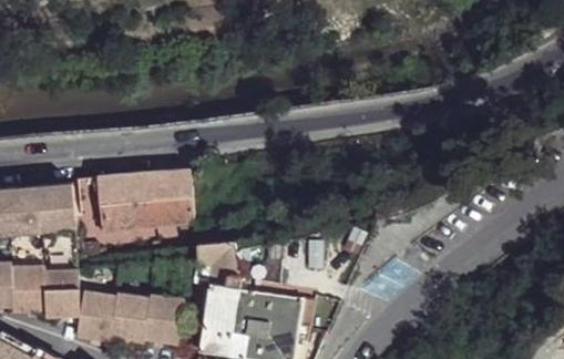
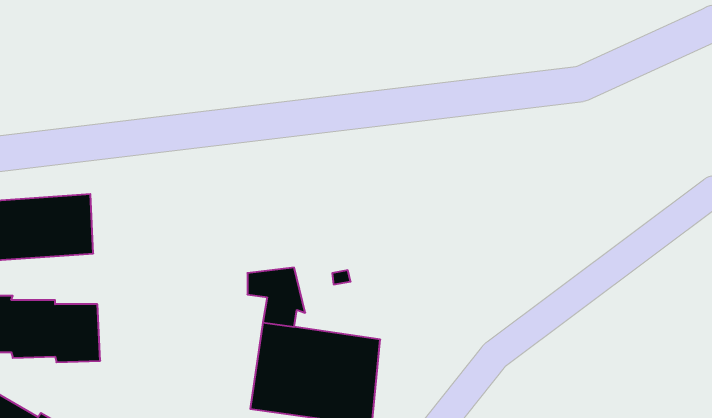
building: [96,167,191,229] -> none
building: [74,289,183,343] -> none

